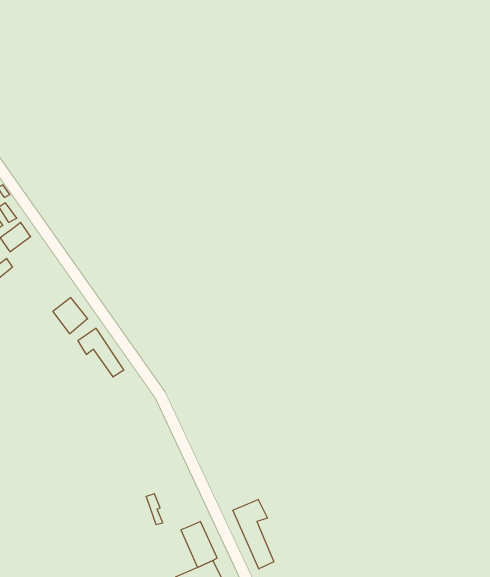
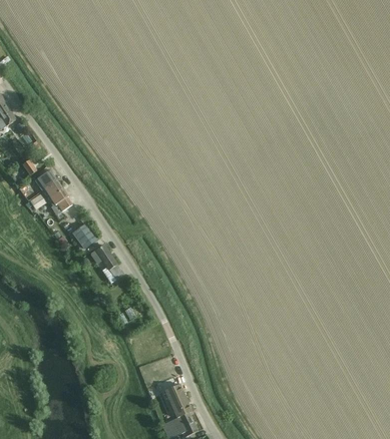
building: none -> [40,179,70,211]
building: [233,499,274,569] -> none

